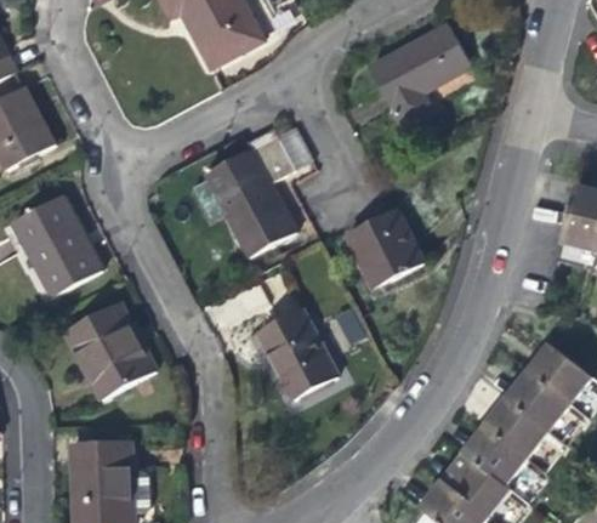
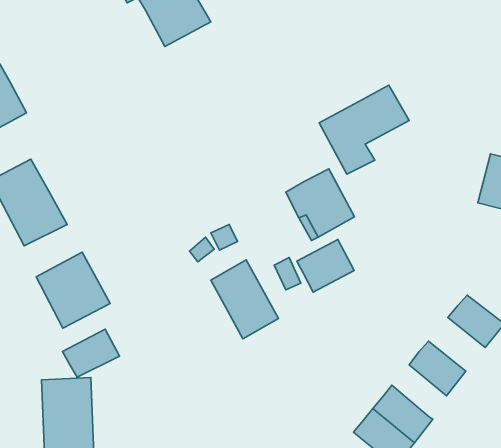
building: [373,23,474,124] -> [319,85,409,174]
building: [205,126,311,257] -> none
building: none -> [297,239,354,292]
building: [507,374,572,434] -> none
building: none -> [63,329,119,377]
building: [466,427,528,487] -> none

